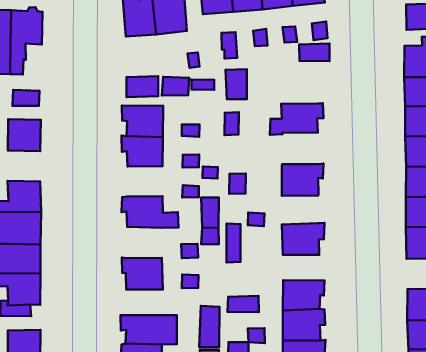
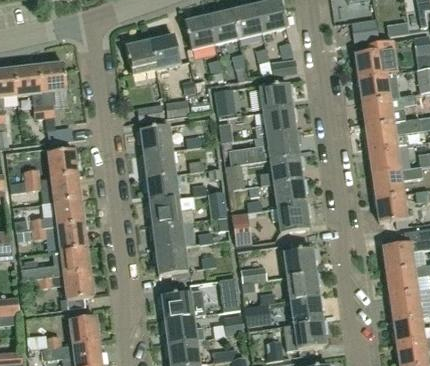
building: none -> [259,81,294,111]
building: none -> [229,129,301,165]
building: none -> [50,174,79,201]
building: none -> [143,173,178,201]
building: none -> [273,178,308,207]
building: none -> [149,222,184,250]

